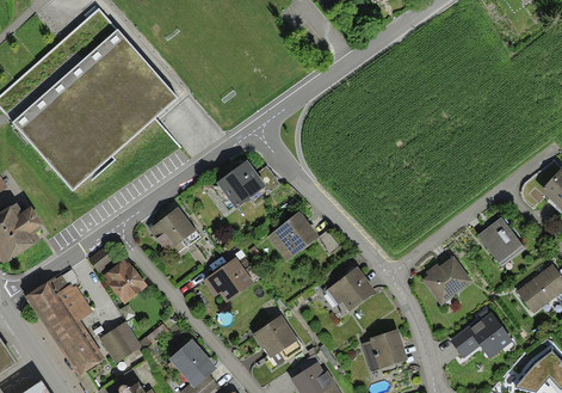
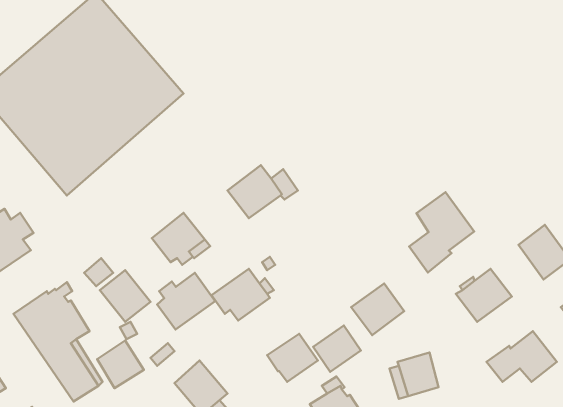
building: none -> [409,192,474,273]
building: [267,213,319,263] -> none
building: none -> [157,273,215,329]
building: none -> [313,326,361,372]

